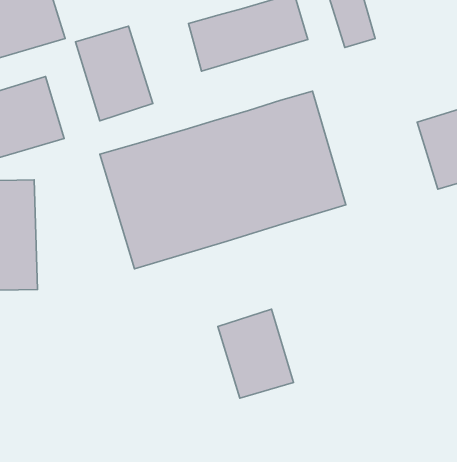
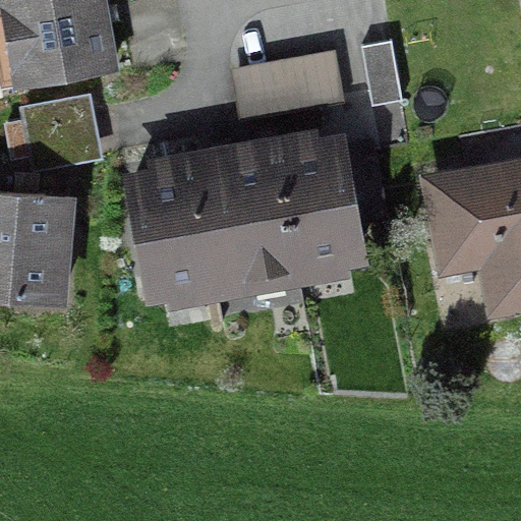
building: [76,26,153,121] -> none
building: [218,309,293,398] -> none

